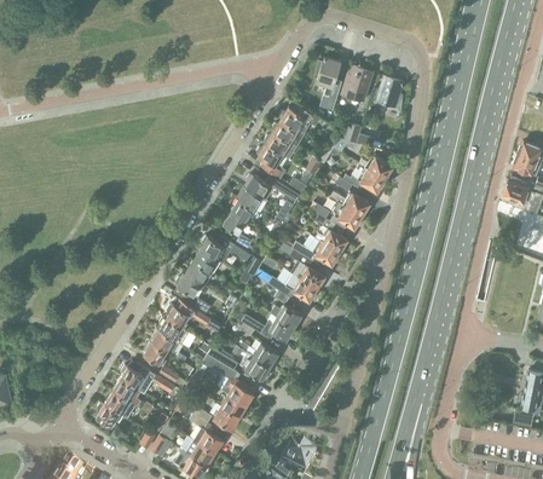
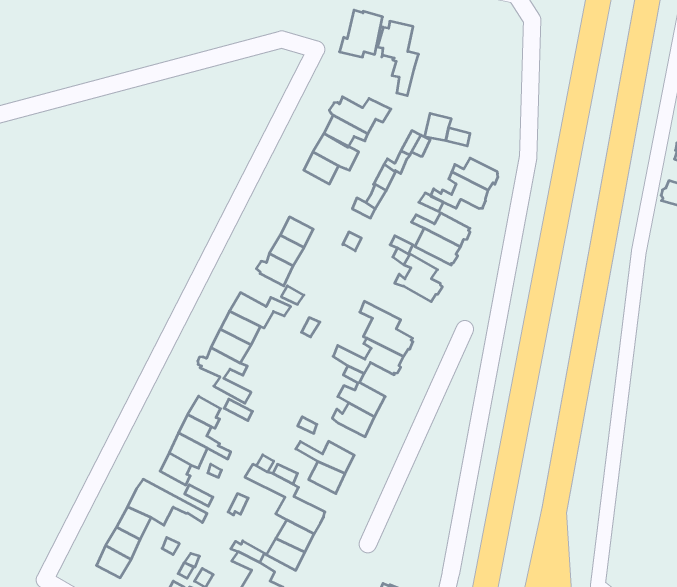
building: [341,65,372,98] -> [339,10,383,57]
building: [376,75,404,110] -> none
building: [245,174,298,200] -> none
building: [293,240,339,264] -> none

